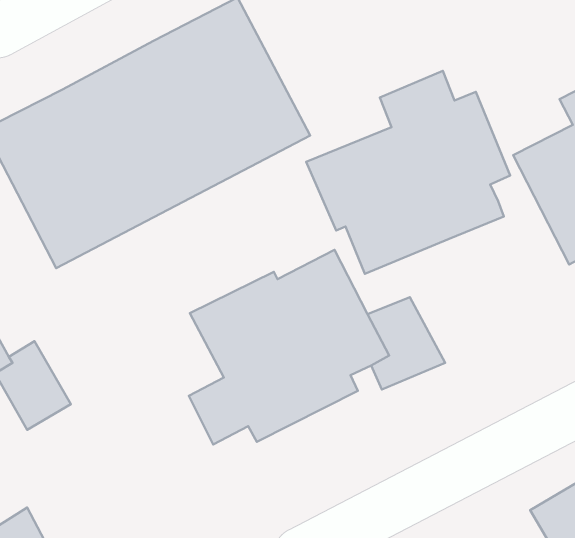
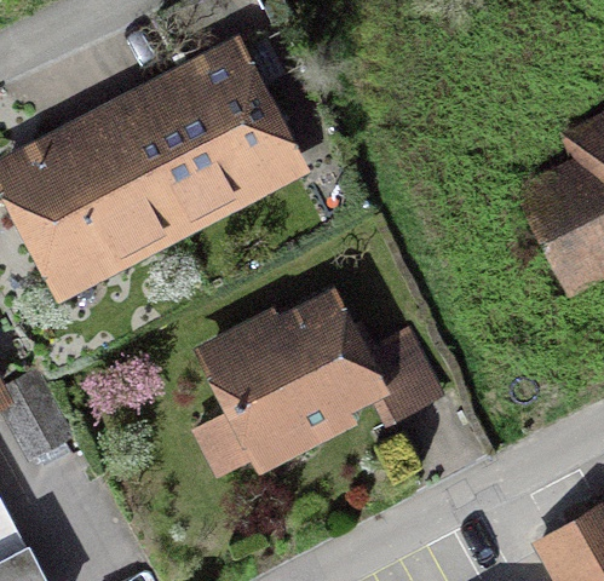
building: [306,71,510,274] -> none

